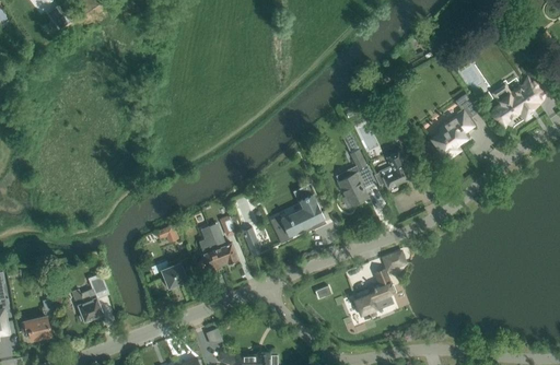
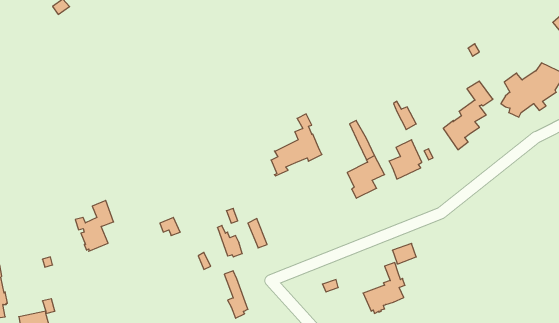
building: [276,182,325,243] -> [271,114,322,176]
building: [199,225,222,271] -> [224,271,248,318]
building: [153,258,186,286] -> none
building: [70,272,107,321] -> [75,200,114,251]

